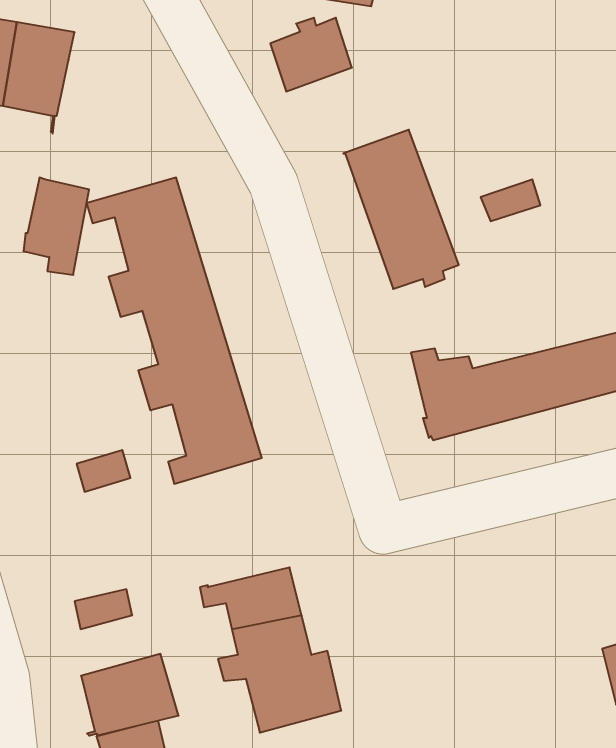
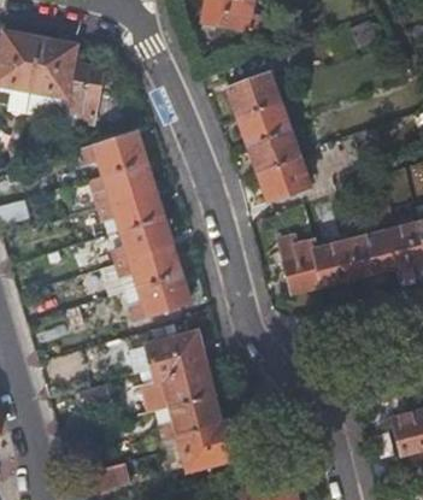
building: [270,18,352,91] -> [228,73,277,118]
building: [23,178,89,275] -> [61,61,101,120]
building: [81,654,179,736] -> [146,331,205,381]

